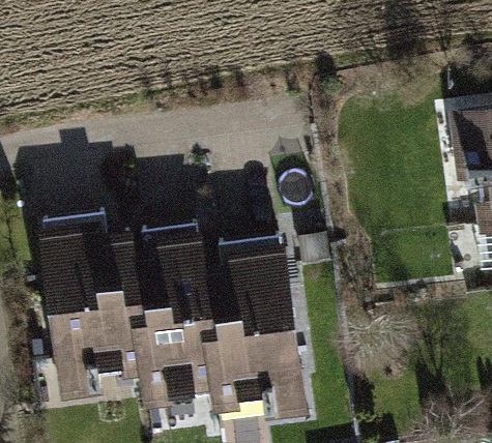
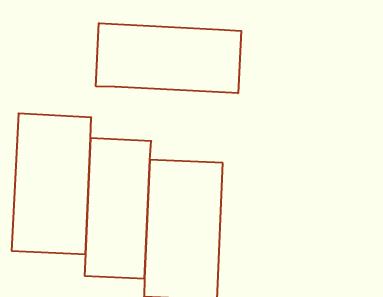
building: none -> [96,23,241,93]

